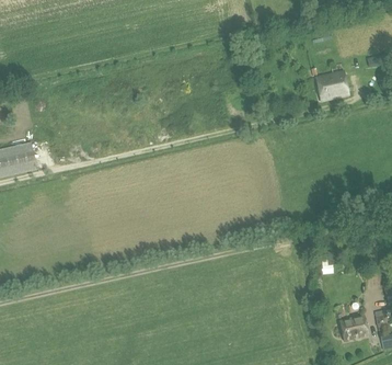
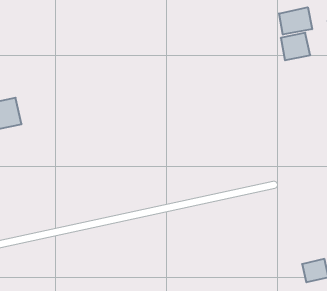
building: none -> [279,7,312,35]

